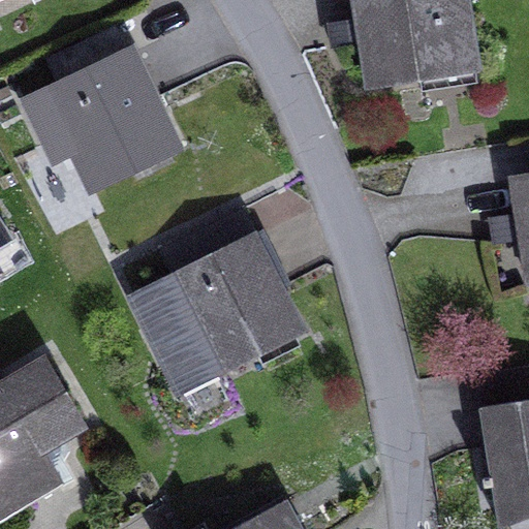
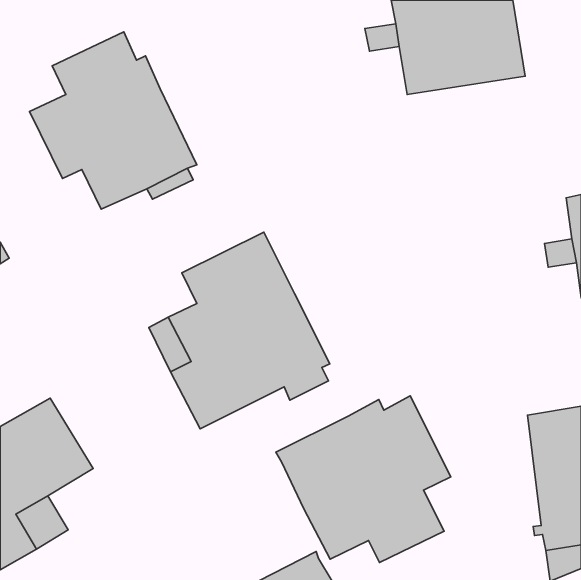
building: none -> [276,396,451,562]

